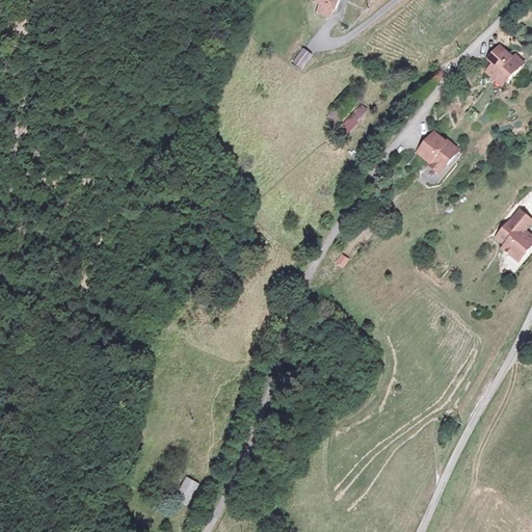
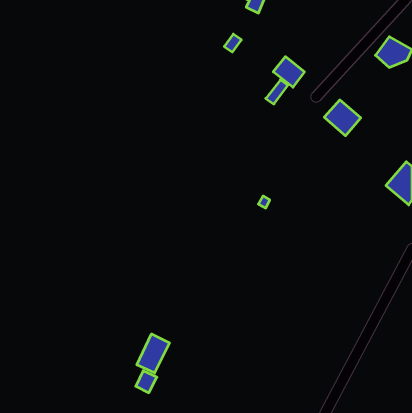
building: none -> [273,57,304,87]
building: none -> [137,334,169,373]

